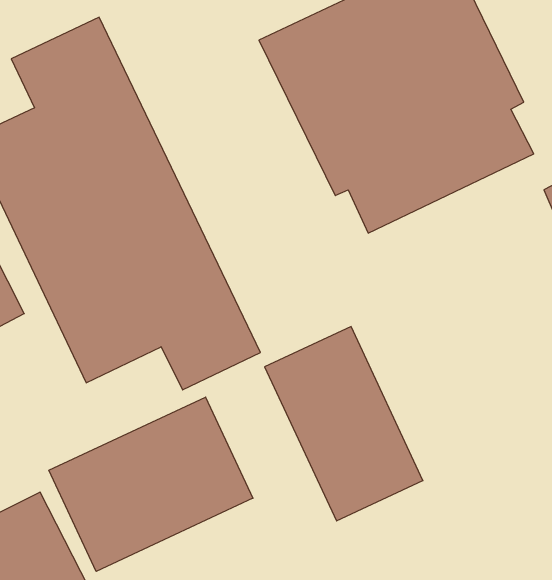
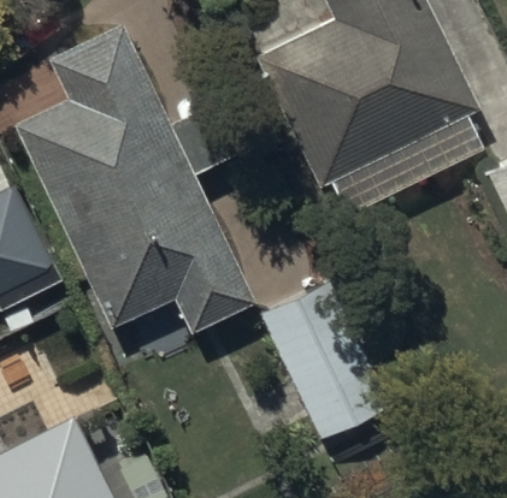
building: [49,397,253,571] -> none

